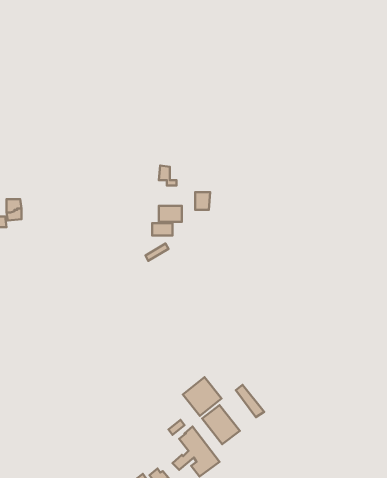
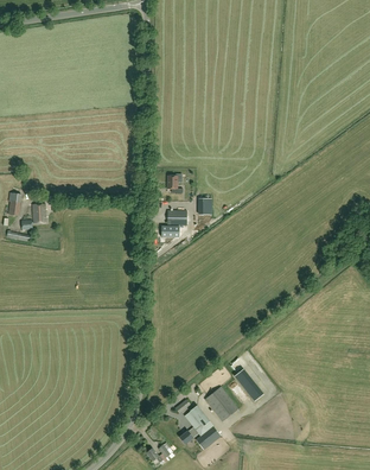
building: [183,377,221,416] -> none

